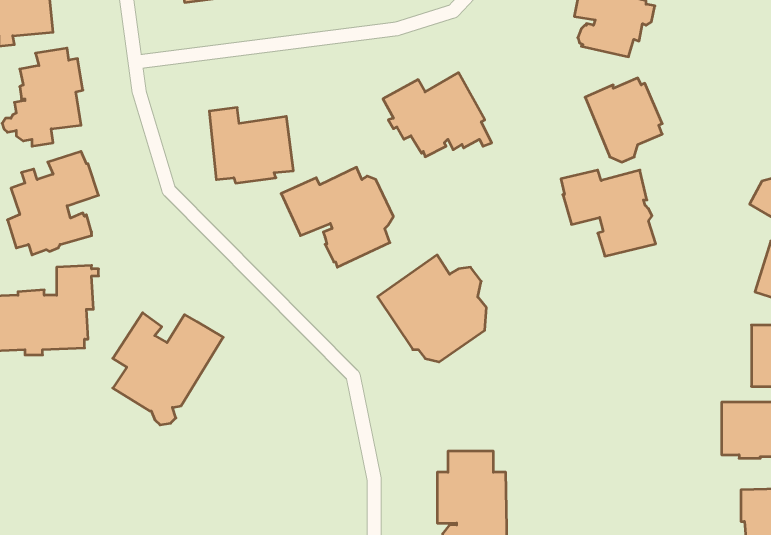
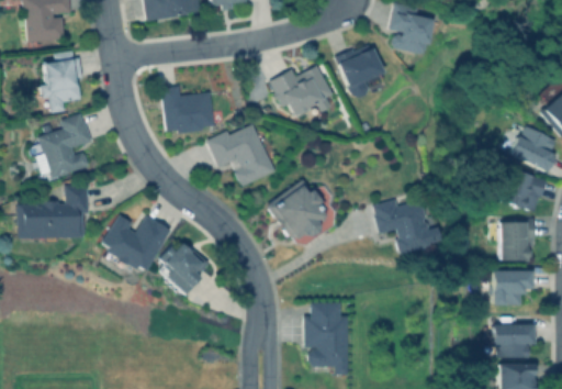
building: [585,78,662,162] -> [336,45,384,98]
building: [561,170,656,256] -> [373,200,432,254]
building: none -> [159,243,207,296]

